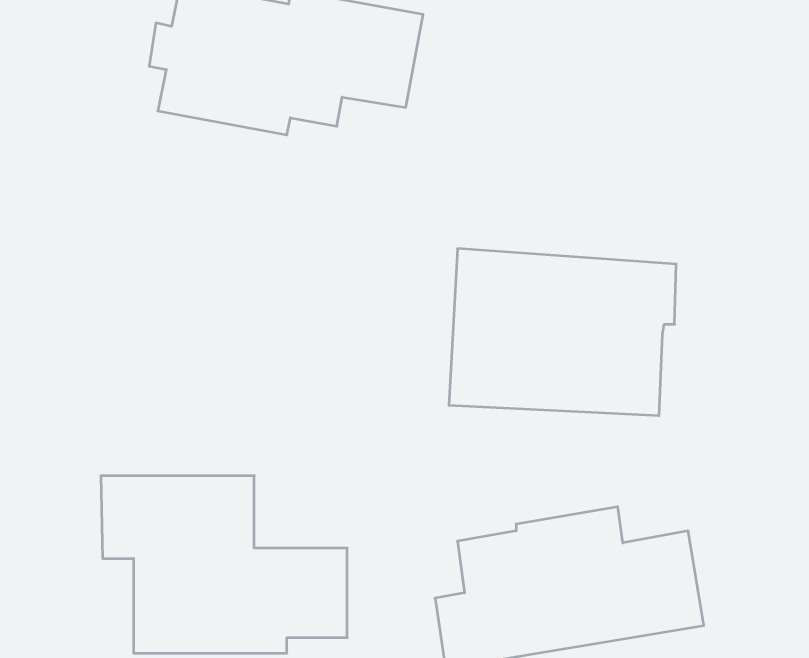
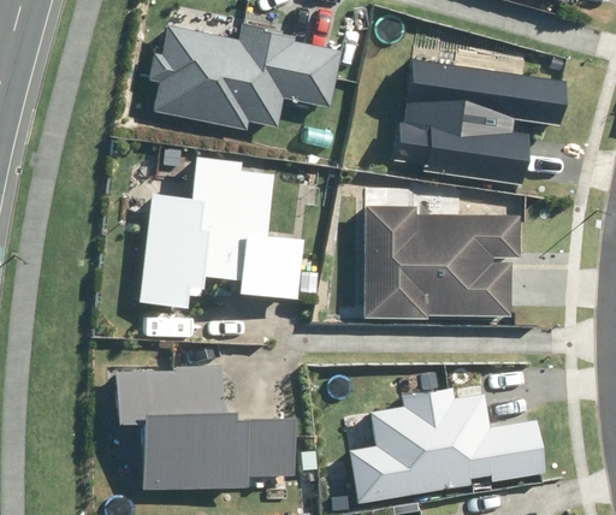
building: none -> [401,60,565,183]
building: none -> [141,153,303,338]

